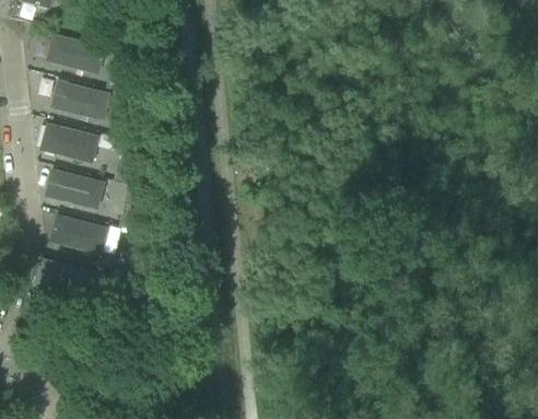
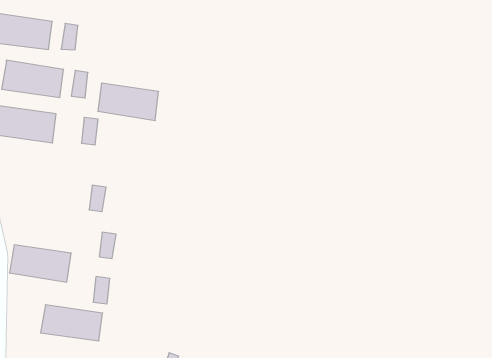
building: [44,167,104,209] -> [98,83,159,121]
building: [47,214,108,255] -> [41,305,103,341]

